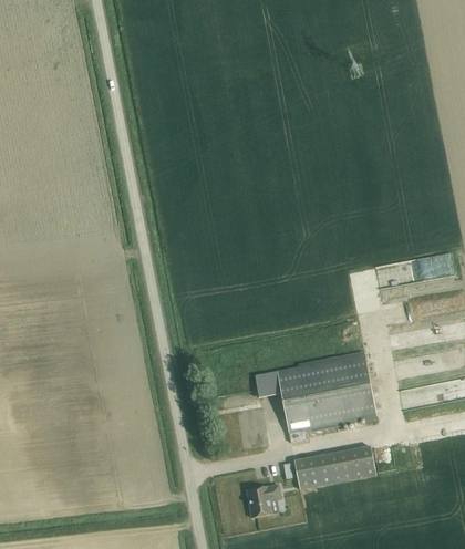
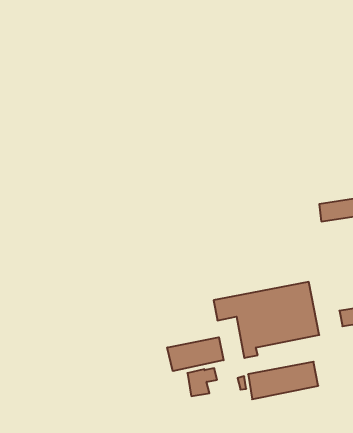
building: none -> [167,337,224,371]
building: [247,485,281,517] -> [187,368,217,396]

